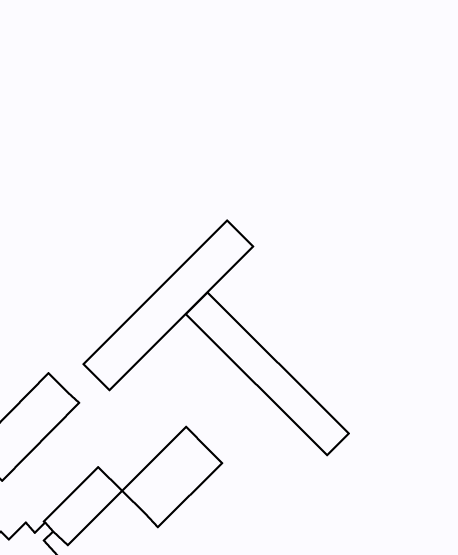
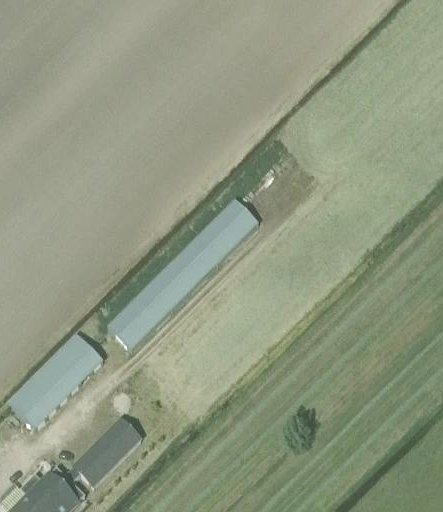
building: [186,292,349,455] -> none
building: [122,427,222,527] -> none

